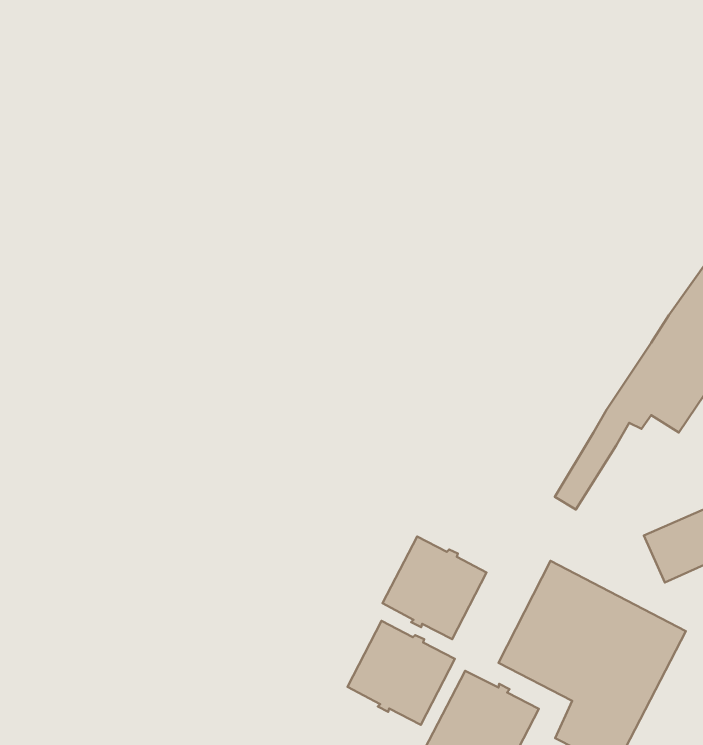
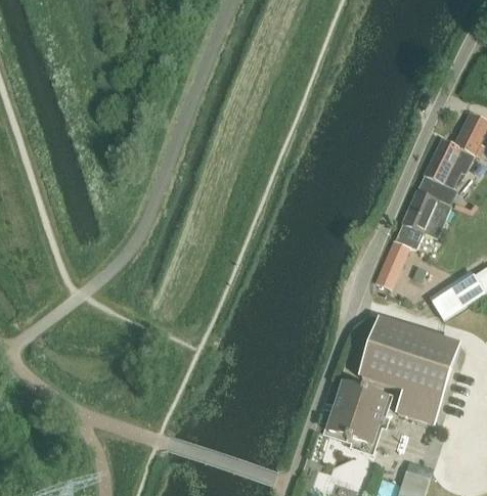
building: [382,536,487,639] -> none
building: [347,621,455,725] -> none

